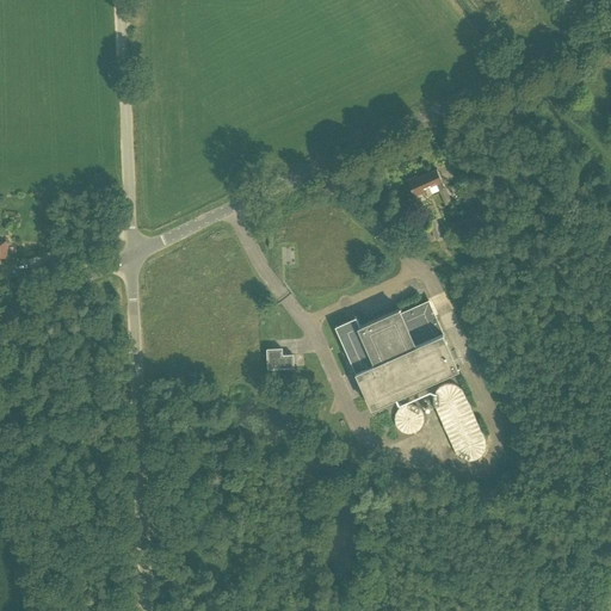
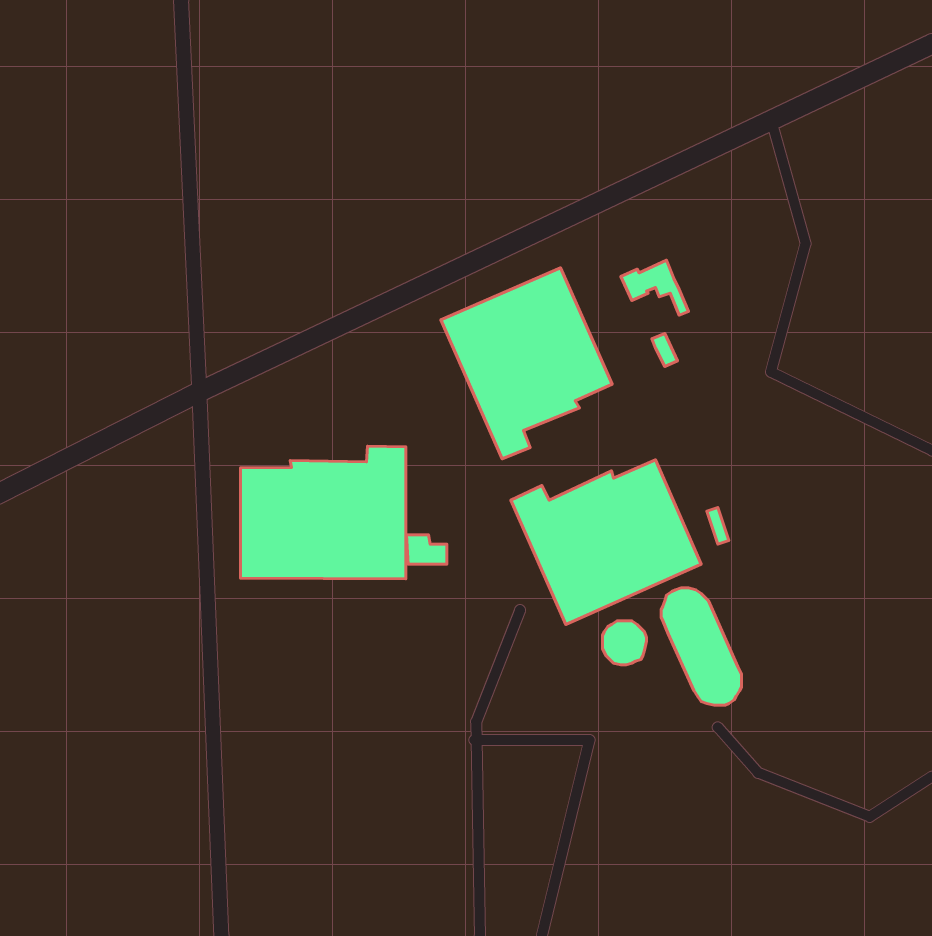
building: none -> [441,268,612,459]
building: none -> [240,446,406,579]

